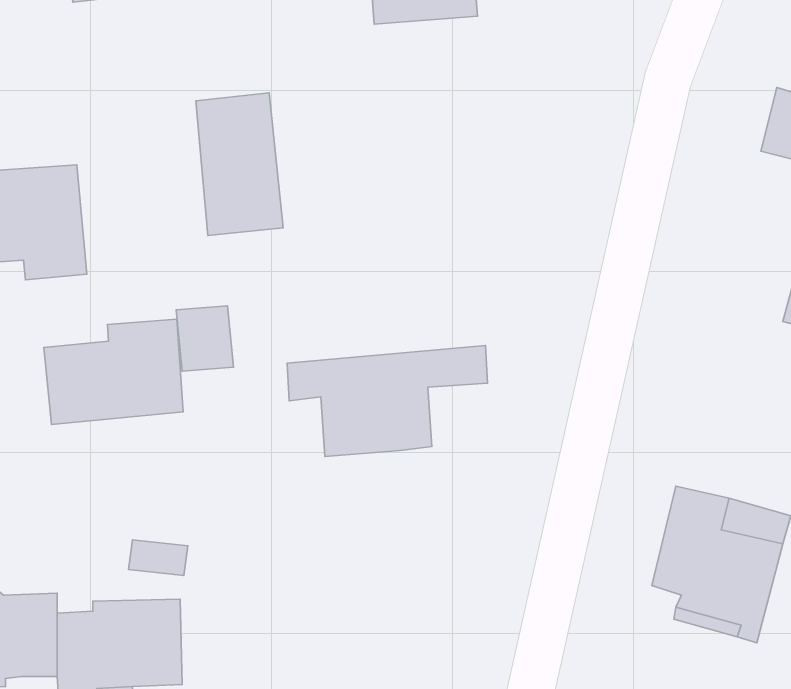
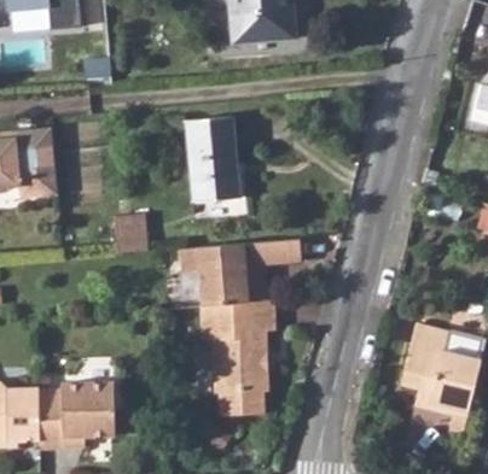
building: [196,93,283,236] -> [186,116,239,203]
building: [44,319,183,425] -> none
building: none -> [199,300,274,416]

